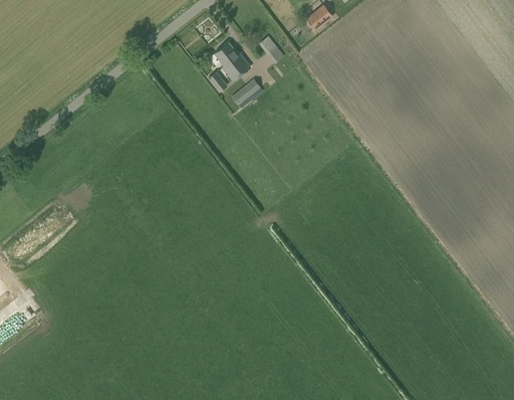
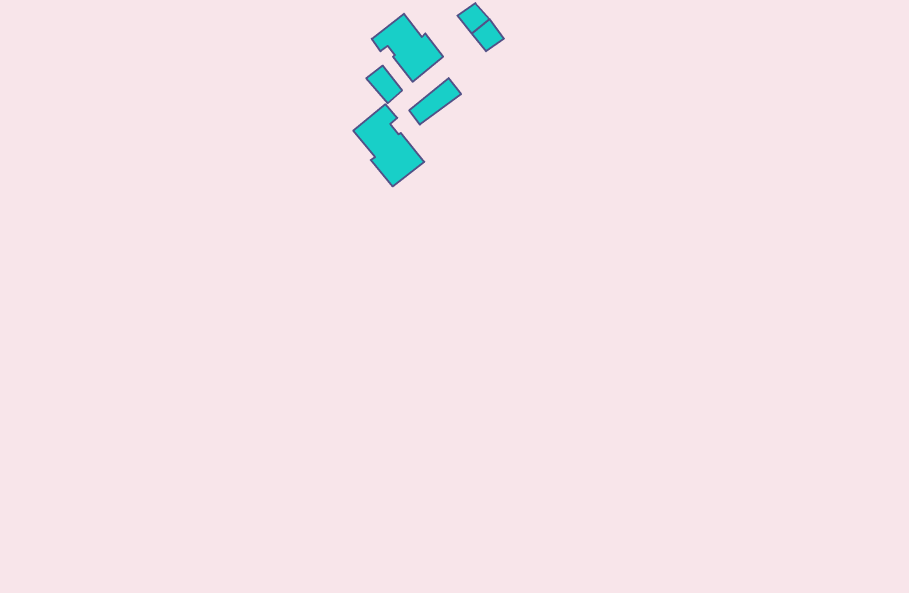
building: none -> [353,104,424,186]

